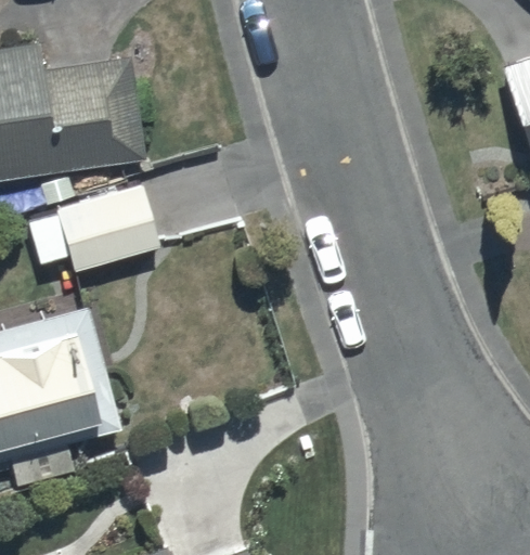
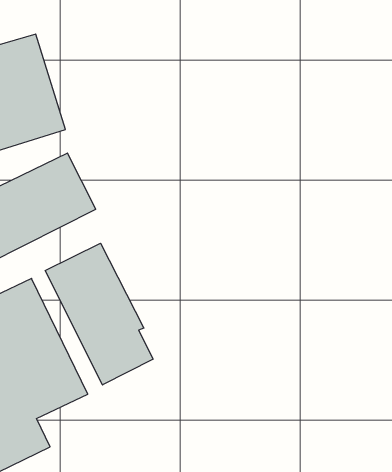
building: none -> [45,243,153,385]

